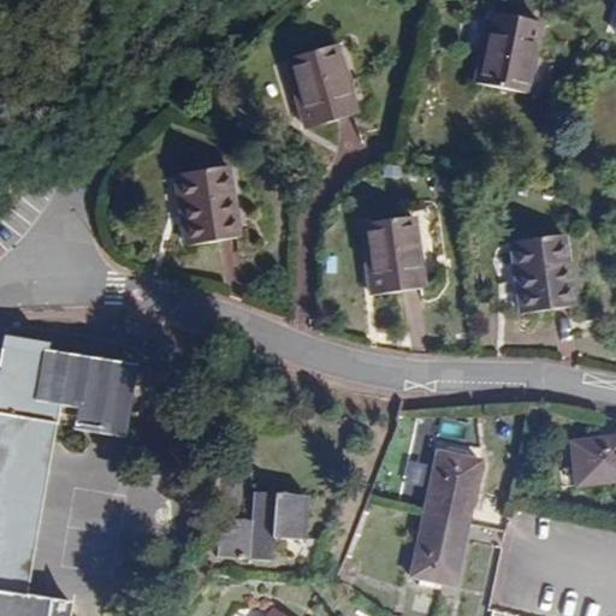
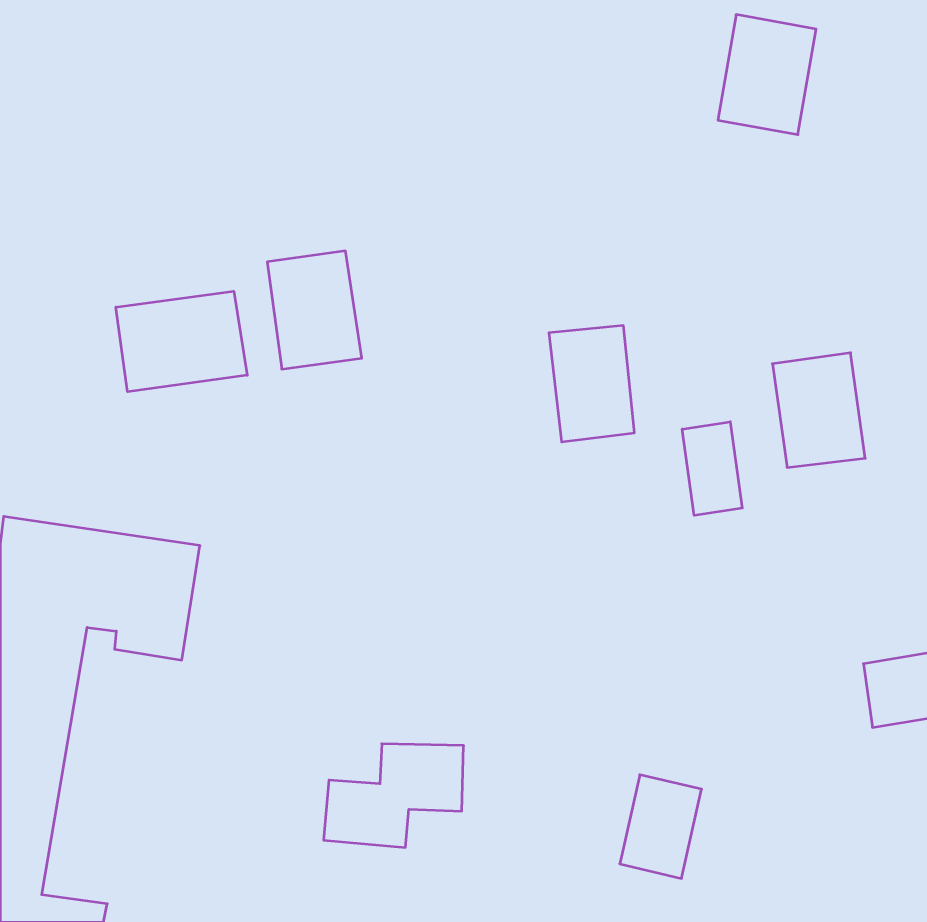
building: [289,46,355,125] -> none
building: none -> [116,291,247,392]
building: none -> [682,422,742,515]
building: [425,450,480,522] -> none

